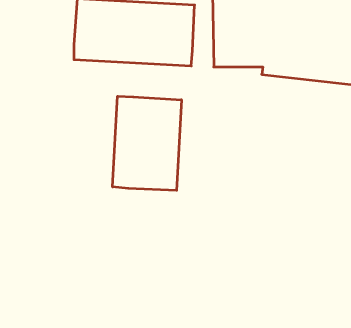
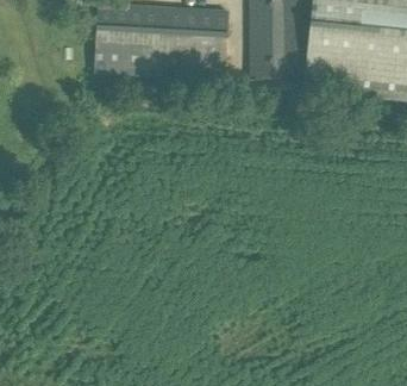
building: [113,96,181,190] -> none

